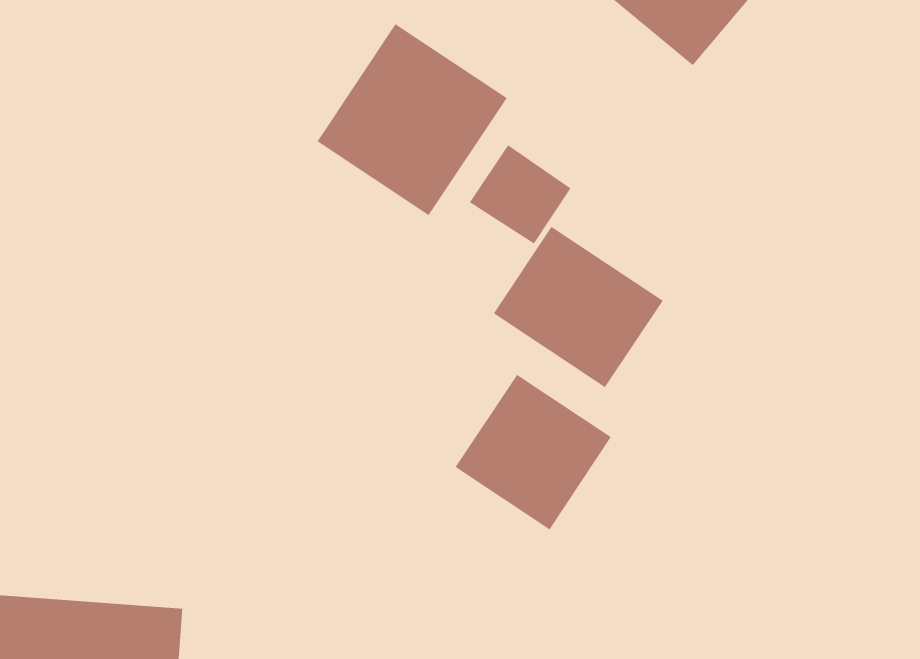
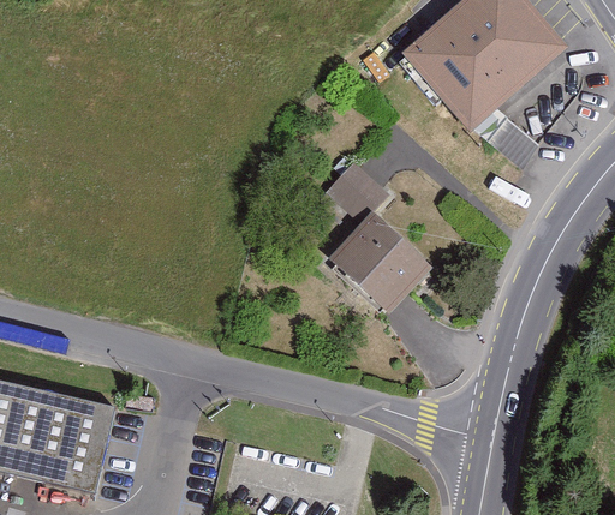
building: [316,23,508,216] -> none
building: [455,374,612,530] -> none

